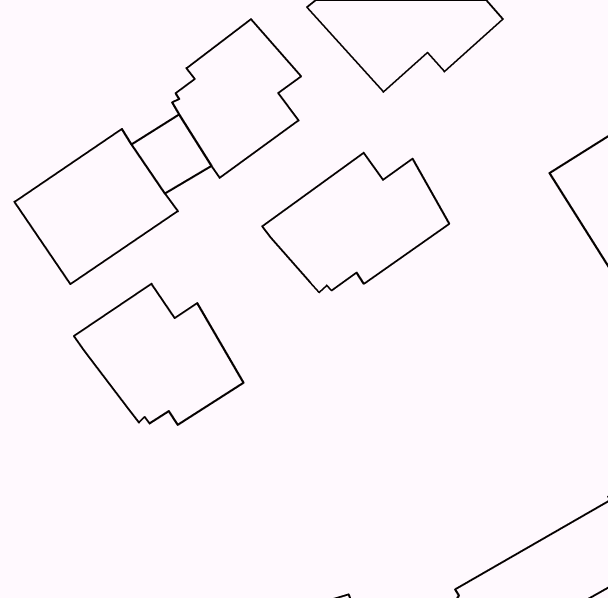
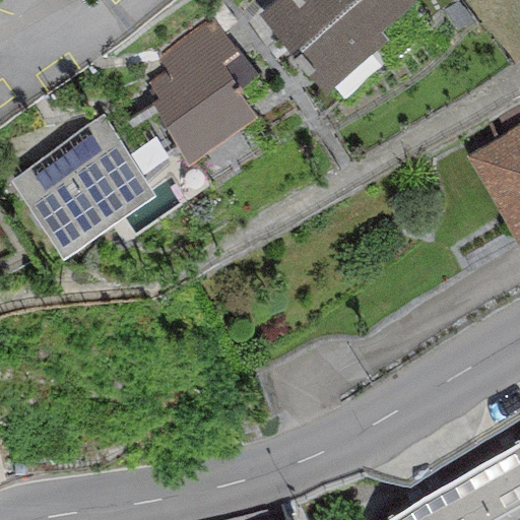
building: [262,153,449,292] -> none
building: [74,284,243,425] -> none

